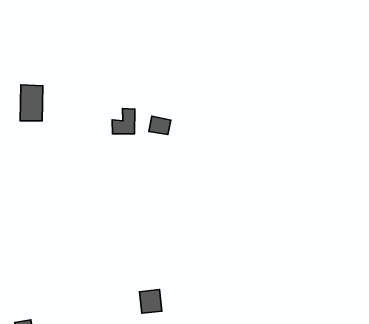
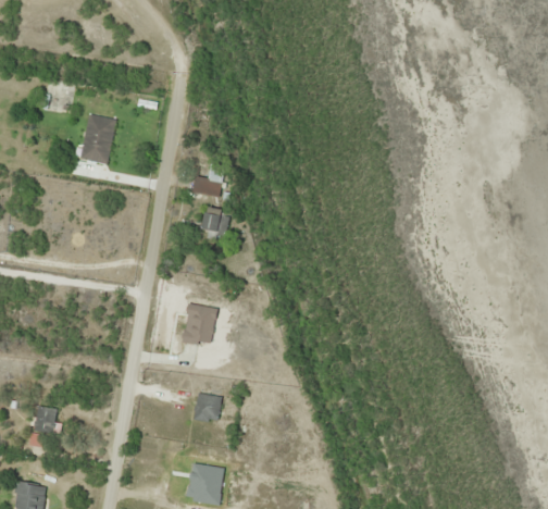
building: [149,116,171,135] -> [201,209,231,235]
building: none -> [183,303,216,345]

